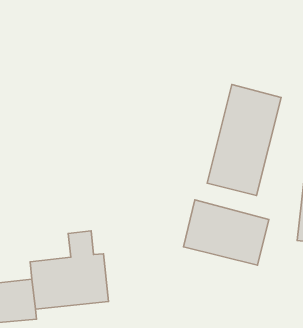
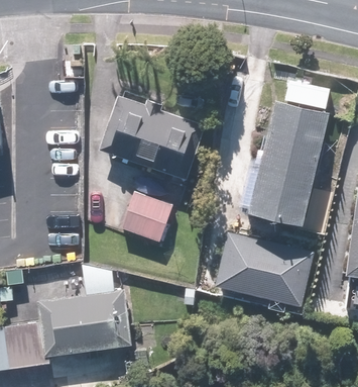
building: none -> [100,95,200,174]
building: none -> [124,192,176,243]

